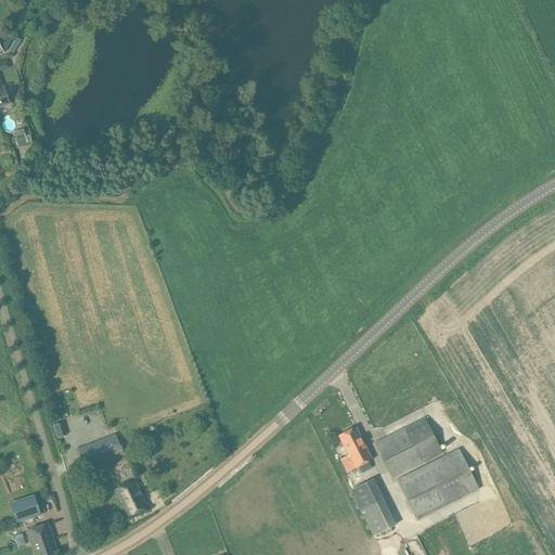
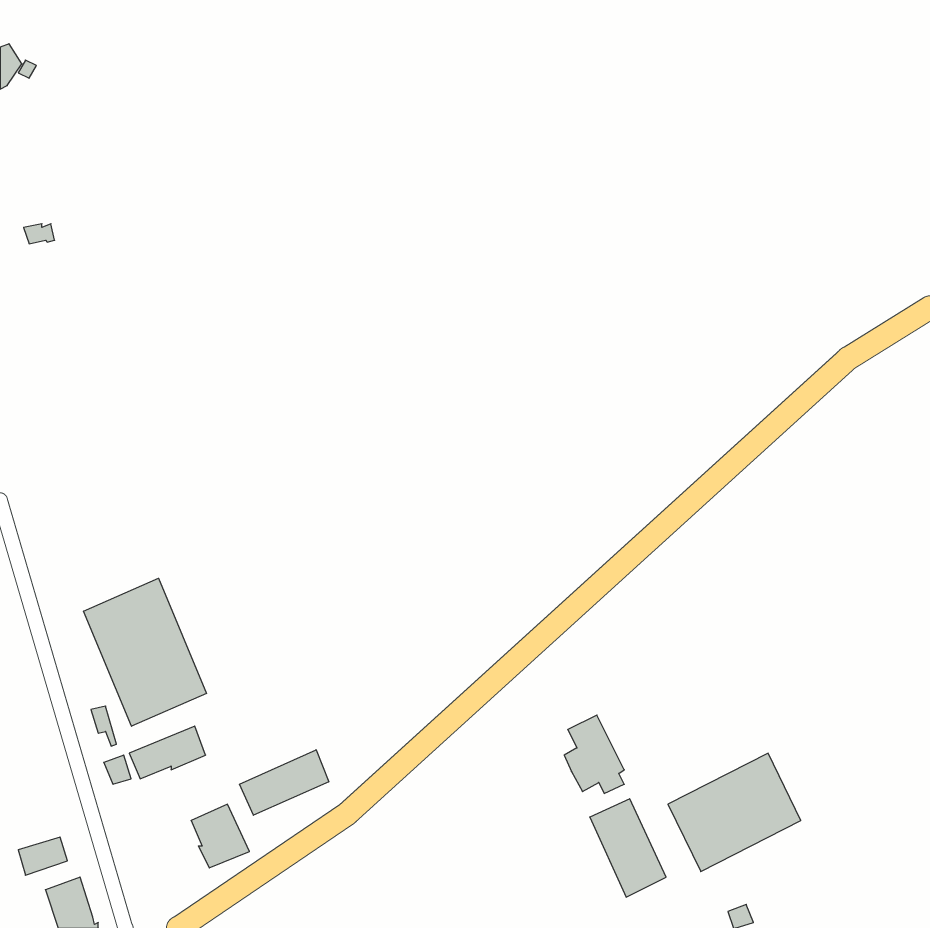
building: none -> [84,578,207,726]
building: [376,416,442,477] -> none
building: none -> [239,750,329,815]

